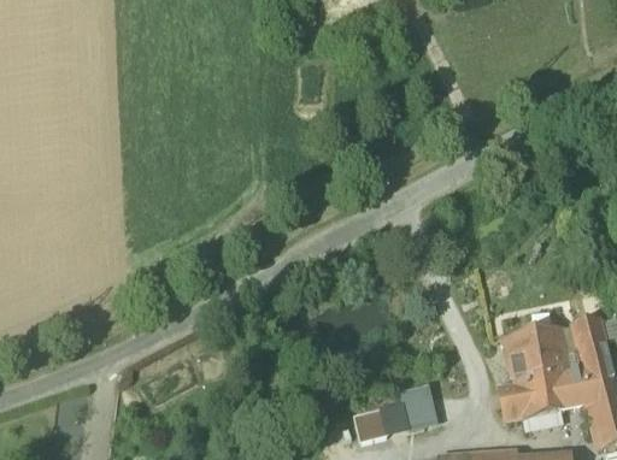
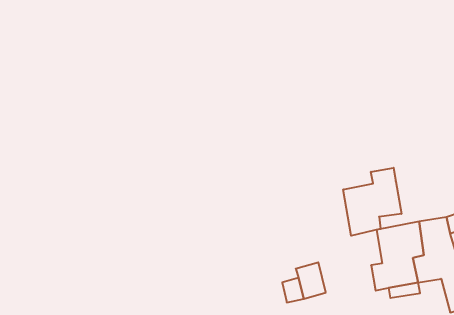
building: none -> [343,168,401,236]
building: [353,403,387,436] -> none

